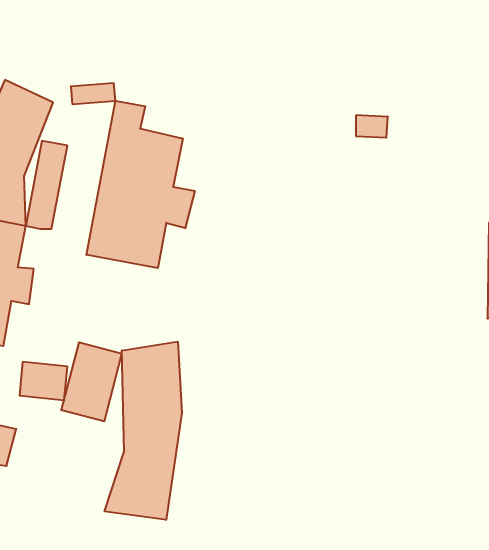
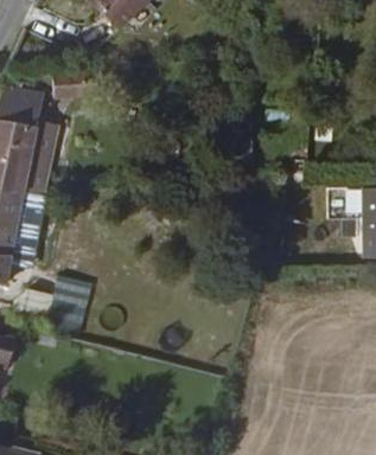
building: [86,101,195,268] -> none
building: [105,342,182,520] -> none

